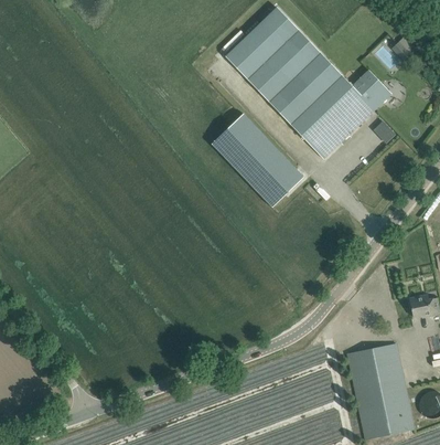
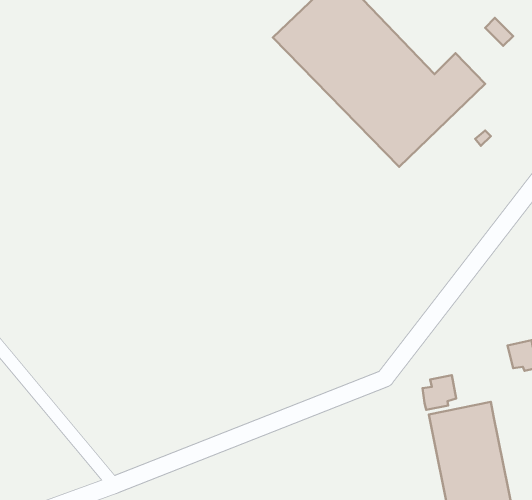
building: [212,113,304,206] -> none
building: none -> [422,375,456,410]

